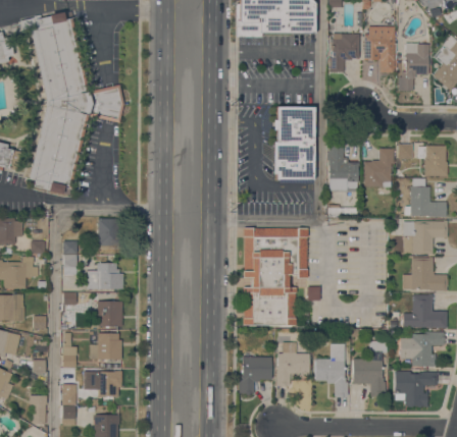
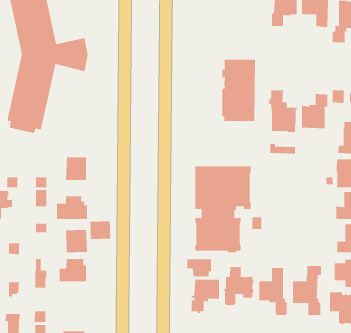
building: none -> [90,220,111,240]
building: none -> [187,259,212,277]
building: [85,371,121,396] -> none

